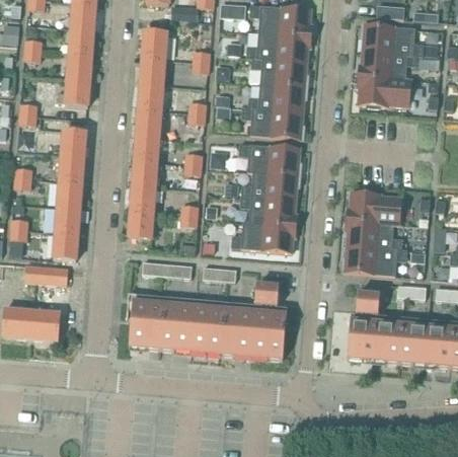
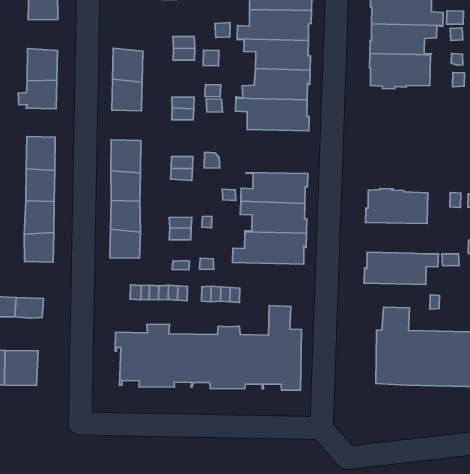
building: [67,30,94,58] -> none
building: [140,31,167,63] -> none
building: [134,109,169,139] -> none
building: [238,144,301,175] -> none
building: [346,220,407,250] -> none
building: [52,236,78,261] -> none

